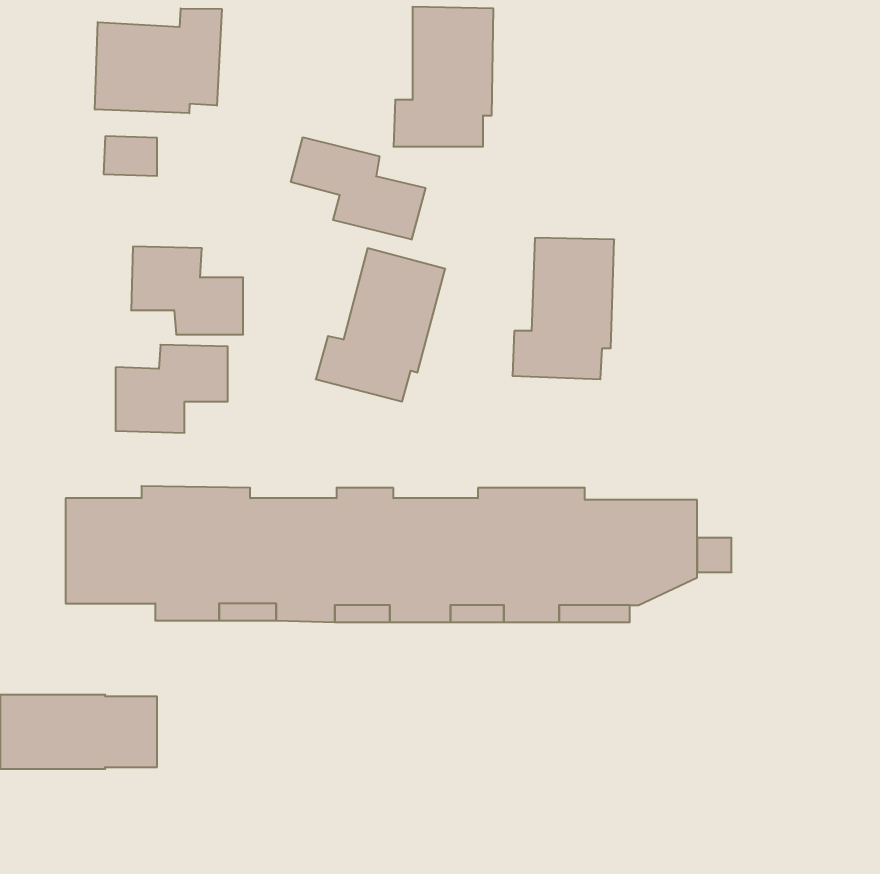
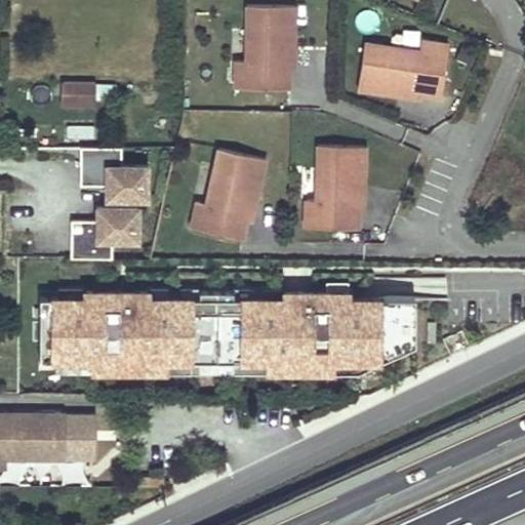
building: [95,8,222,113] -> none
building: none -> [358,44,449,102]
building: [291,137,425,240] -> none

